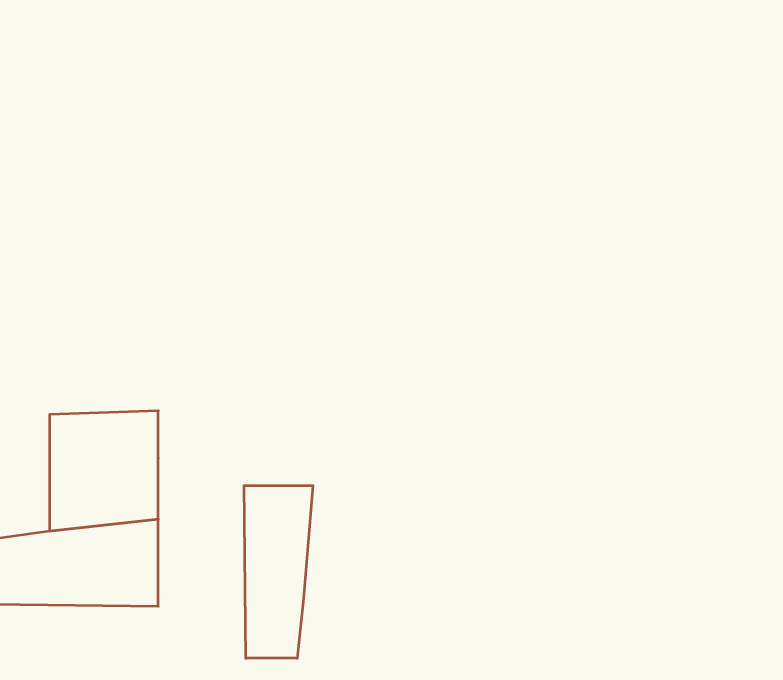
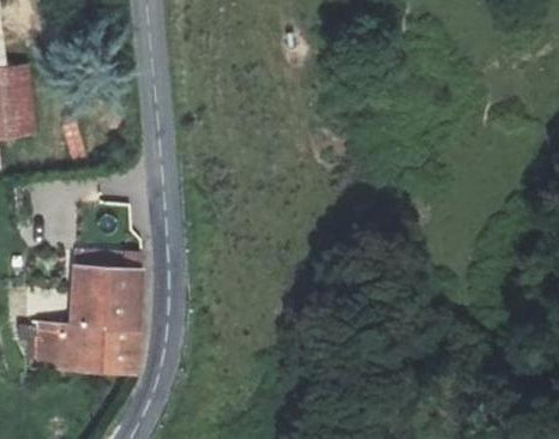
building: [244,486,313,658] -> none

